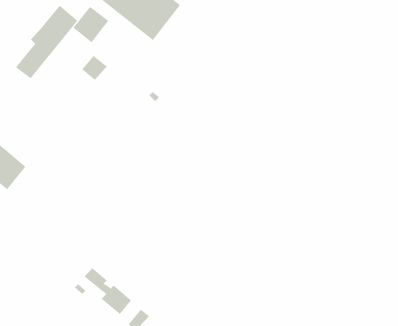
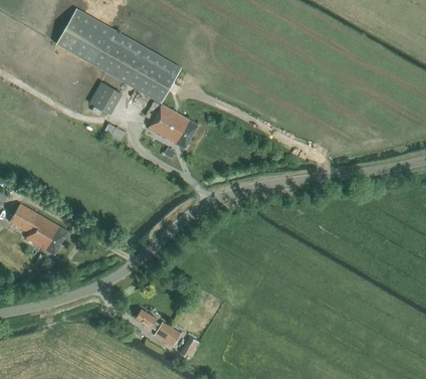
building: [15,5,78,79] -> none
building: none -> [146,100,197,147]

